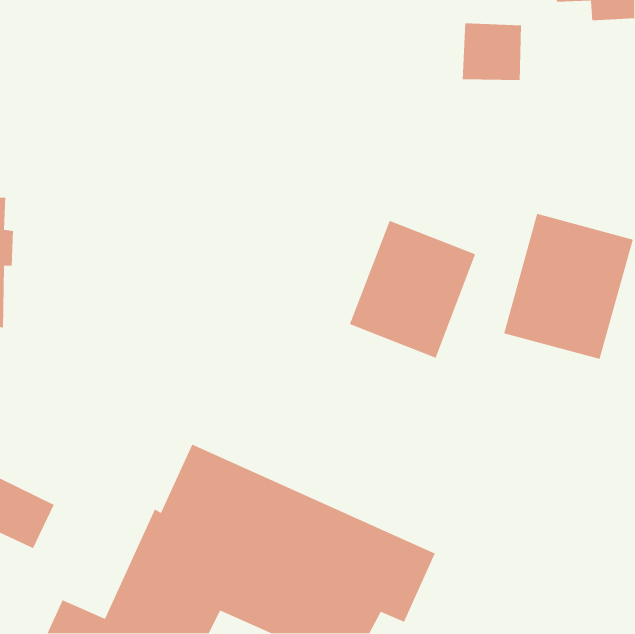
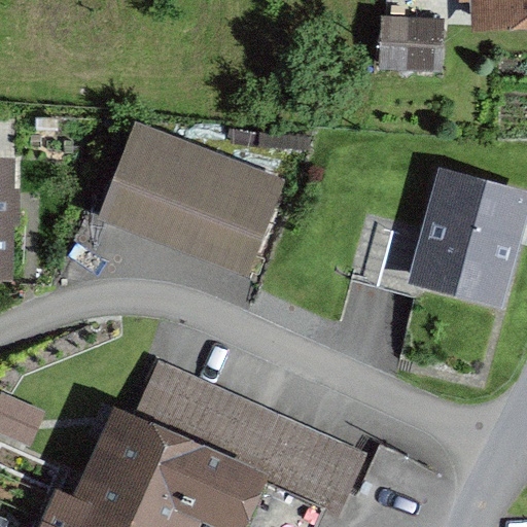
building: none -> [108,131,276,257]
building: [349,220,476,359] -> none

